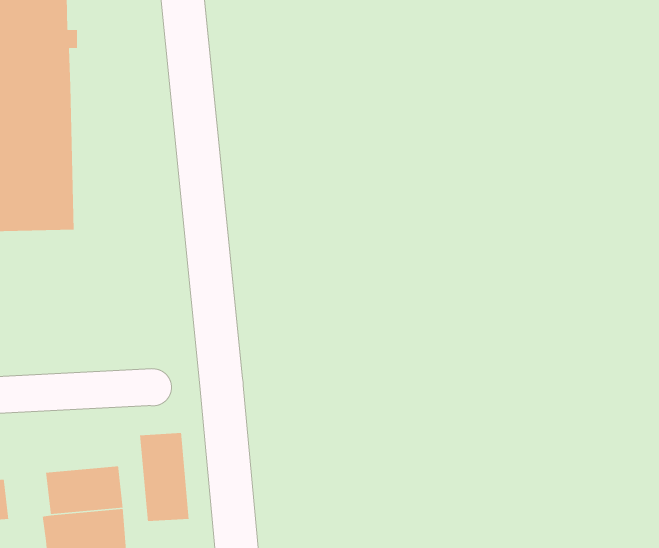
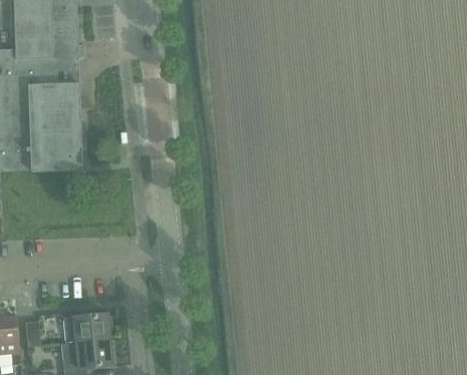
building: [139,432,189,522] -> none

